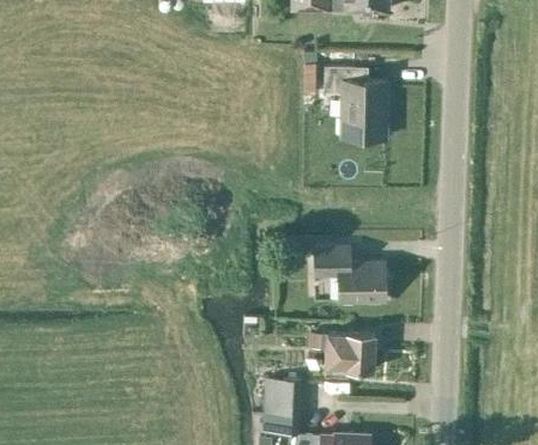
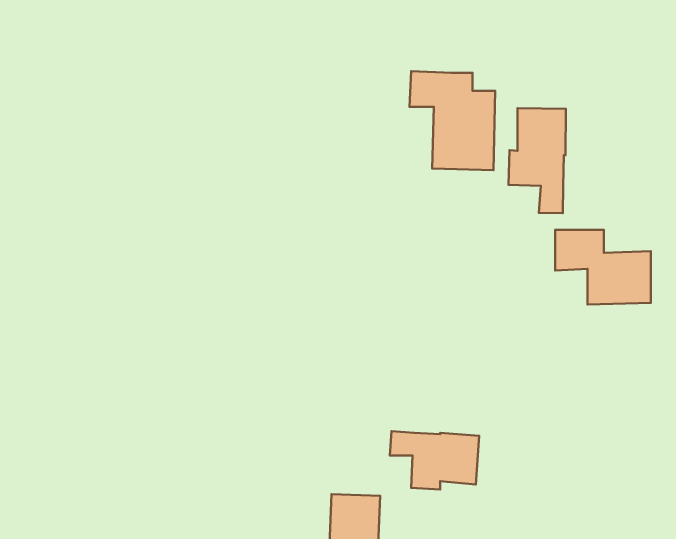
building: none -> [509,108,566,213]
building: [314,246,385,301] -> [555,230,651,305]

